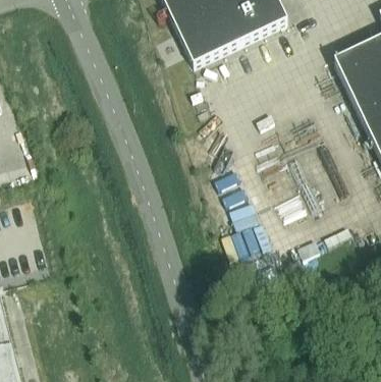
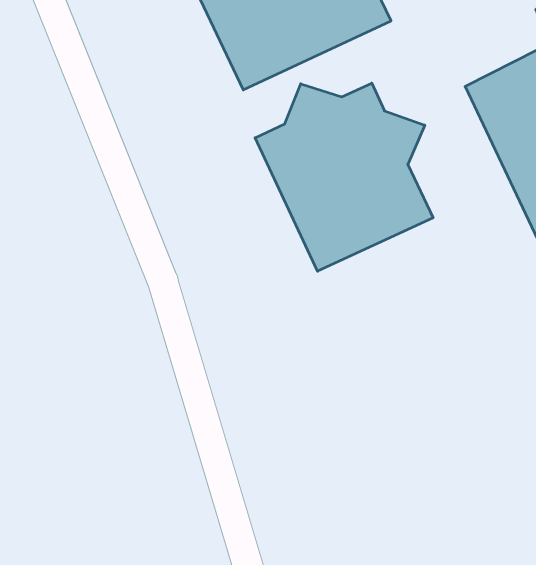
building: none -> [255,83,433,271]

